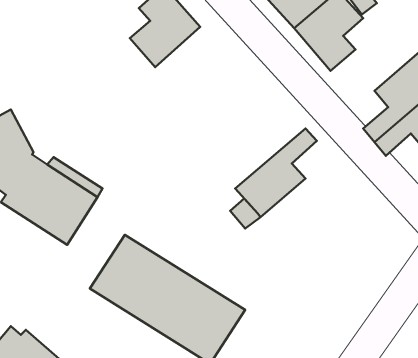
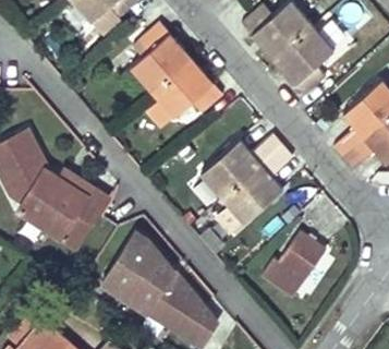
building: none -> [153,58,223,117]
building: none -> [200,134,283,198]
building: none -> [278,231,326,280]

